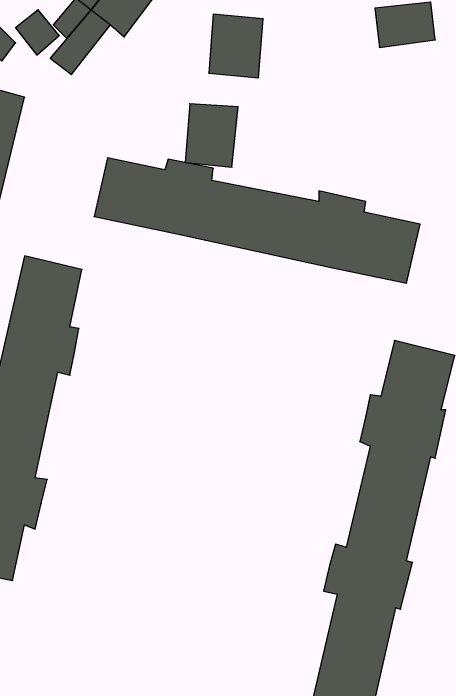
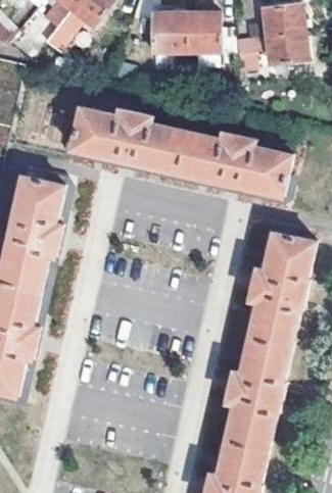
building: none -> [235,29,305,66]
building: [185,104,238,167] -> [183,14,219,57]

